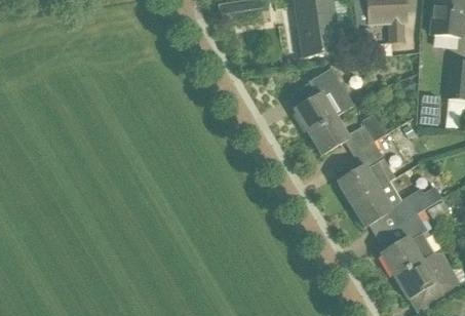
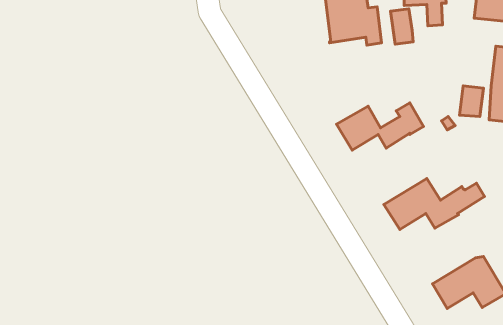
building: [294,69,341,131] -> none
building: [337,140,395,204] -> none
building: [380,213,433,276] -> none

